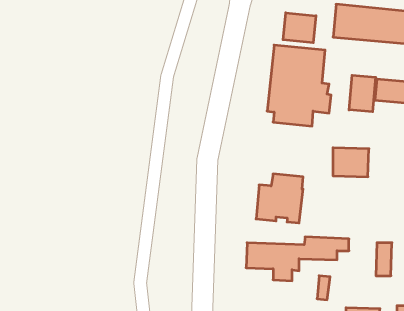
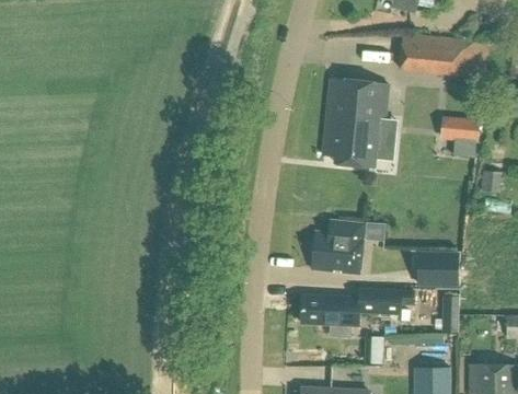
building: [283,13,316,43] -> none
building: [349,75,376,112] -> none
building: [333,148,369,177] -> [421,253,460,285]

